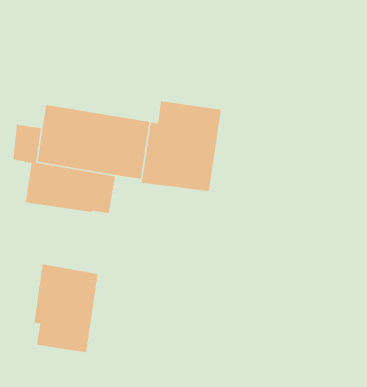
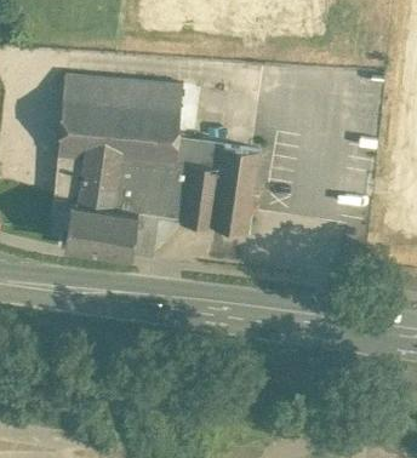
building: none -> [58,76,183,170]
building: [33,263,98,353] -> none

